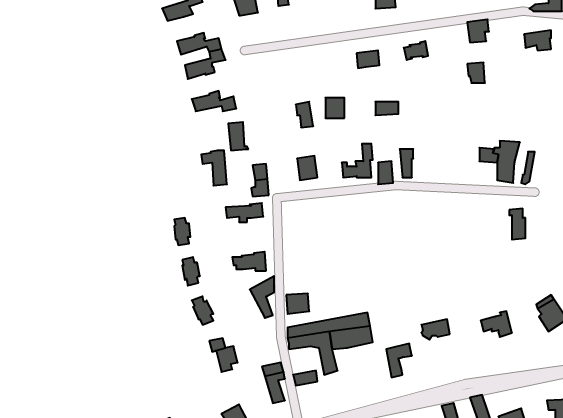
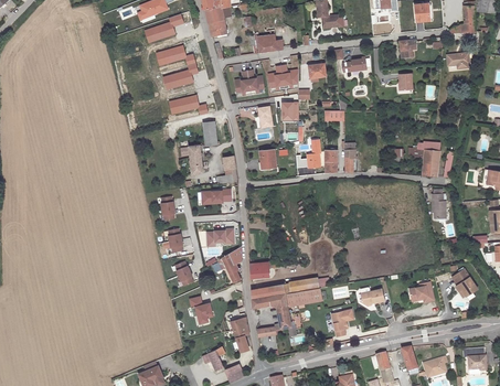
building: none -> [255,29,284,52]
building: none -> [268,62,297,86]
building: none -> [234,69,264,94]

